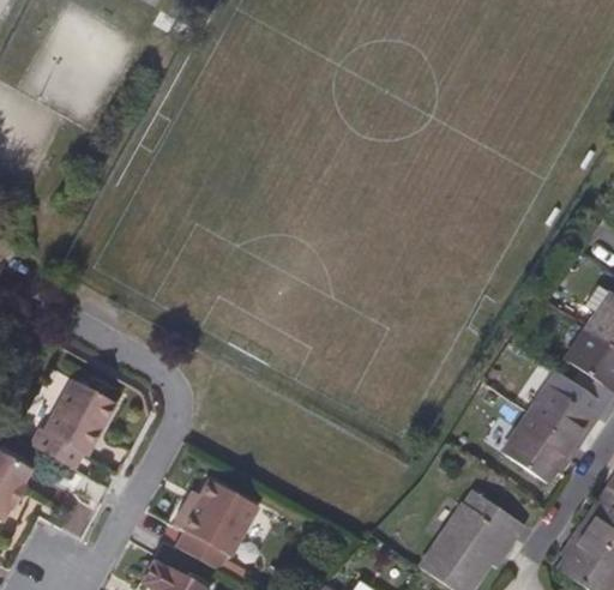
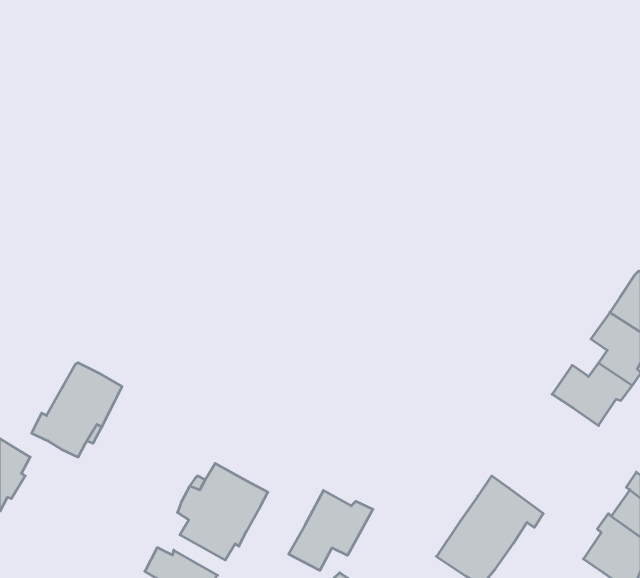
building: [501,411,577,482] -> none
building: none -> [289,490,373,570]

